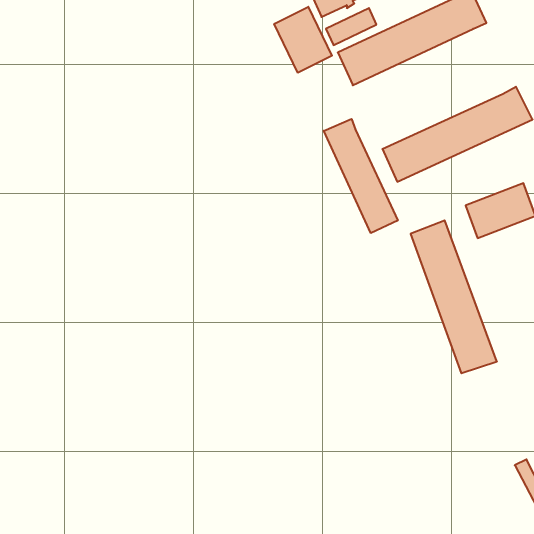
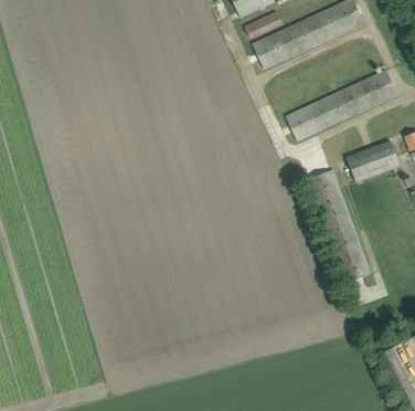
building: [274,7,332,73] -> none
building: [324,119,398,233] -> none

